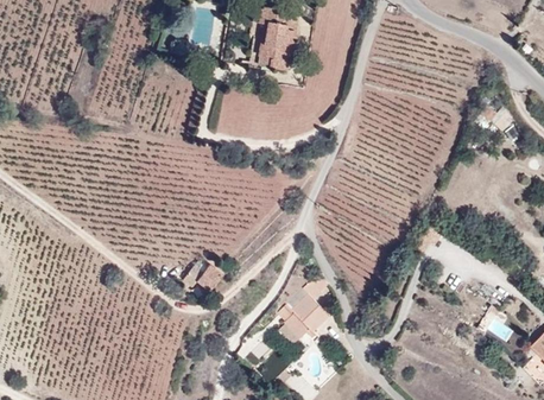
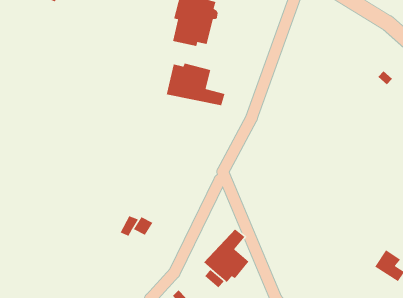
building: none -> [166,62,225,106]

